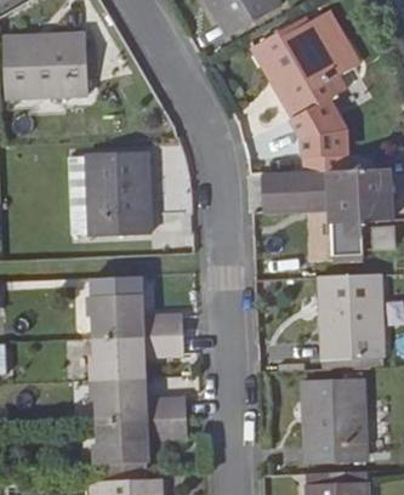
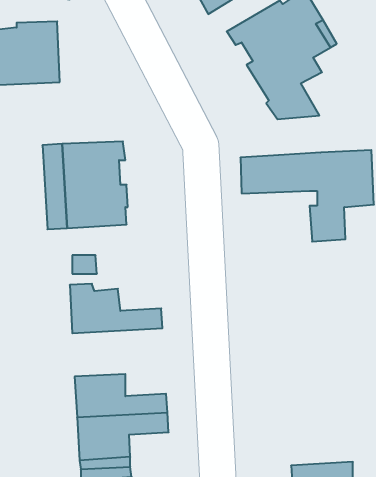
building: [297,131,340,170] -> none
building: [320,273,386,359] -> none
building: [96,340,184,387] -> none
building: [306,379,371,465] -> none

